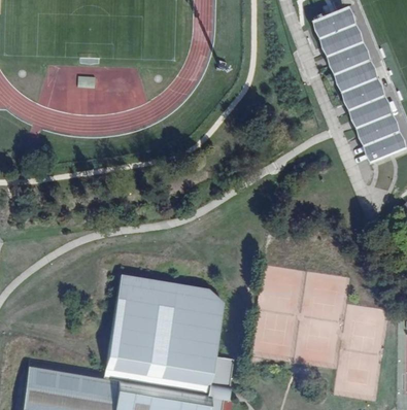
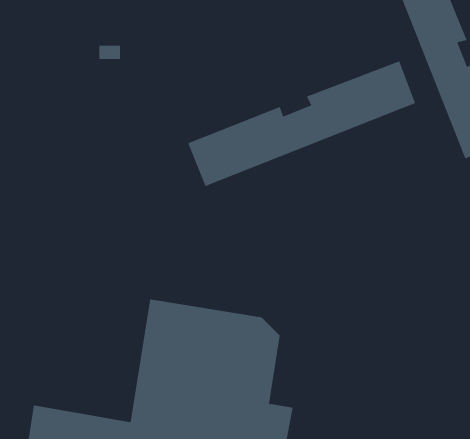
building: none -> [188,60,416,187]

